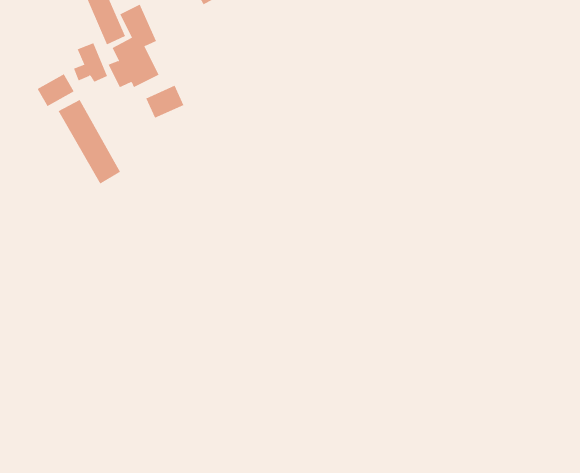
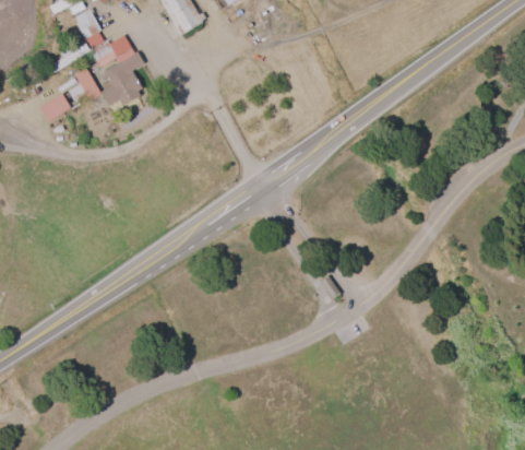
building: [146,85,184,119] -> none
building: [58,99,121,185] -> none

